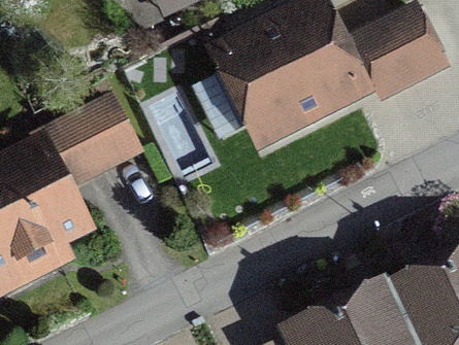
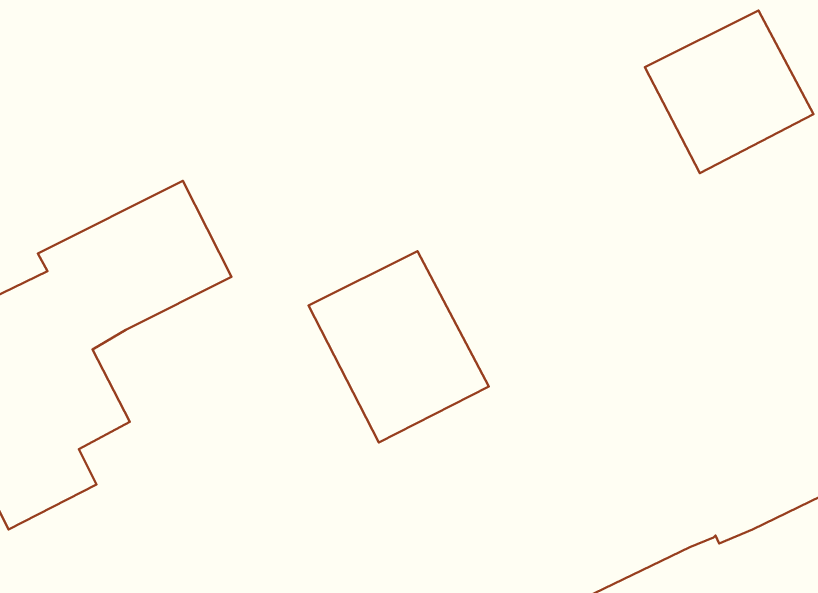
building: [218,9,355,136] -> none
building: none -> [309,251,489,443]

